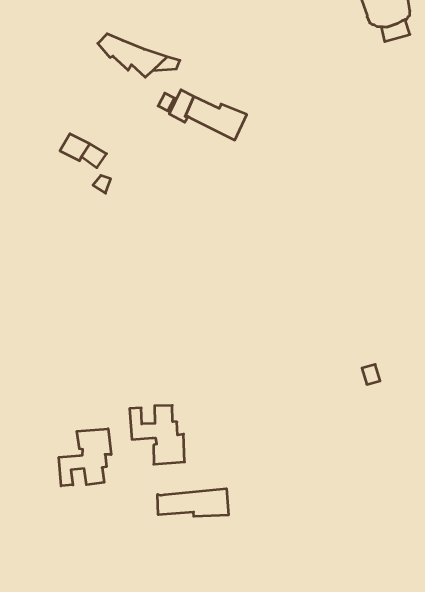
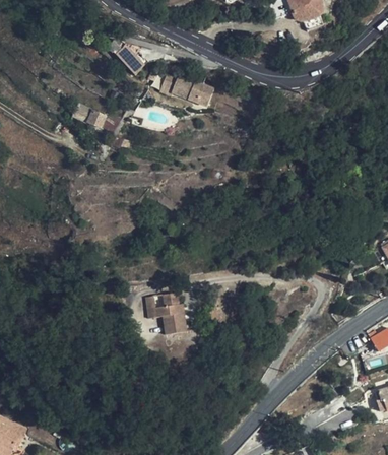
building: [59,429,111,486] -> none
building: [158,489,228,516] -> none

